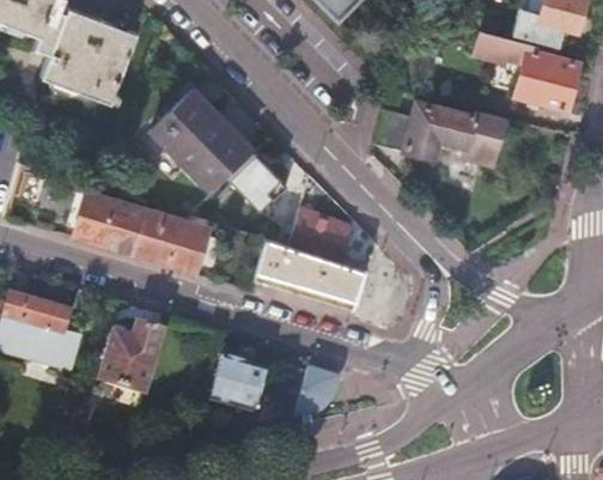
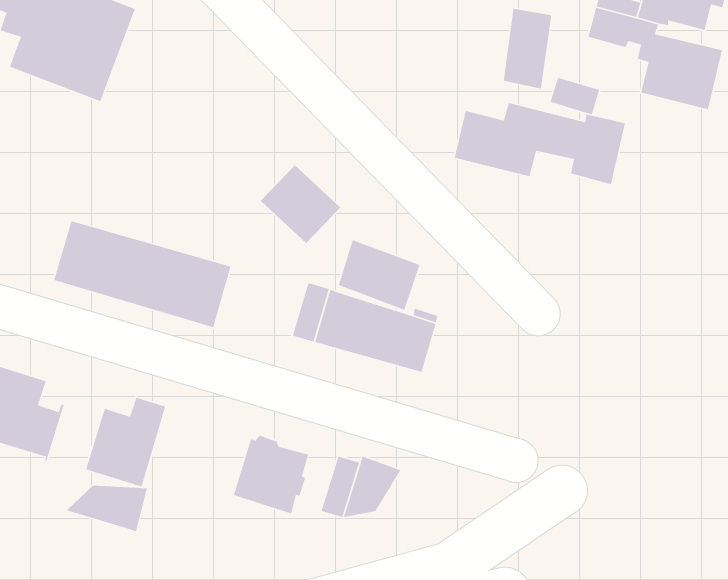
building: none -> [503,8,552,89]
building: [152,93,250,190] -> none
building: none -> [66,485,148,532]

